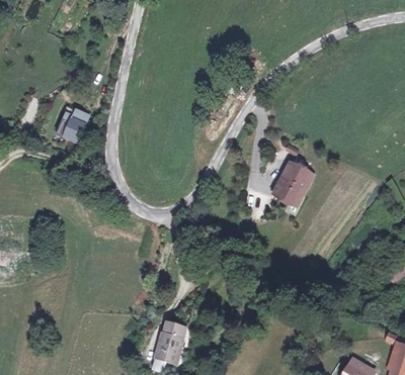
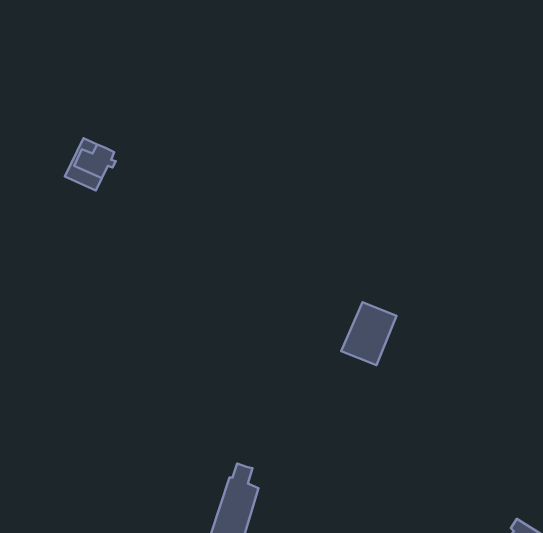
building: [276,163,313,204] -> [341,302,396,365]

